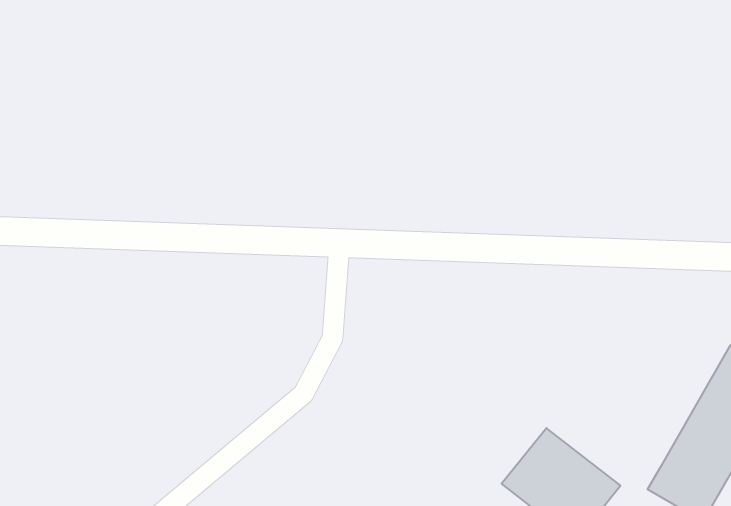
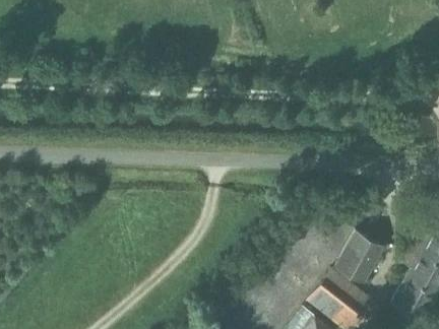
building: none -> [335,231,383,283]

